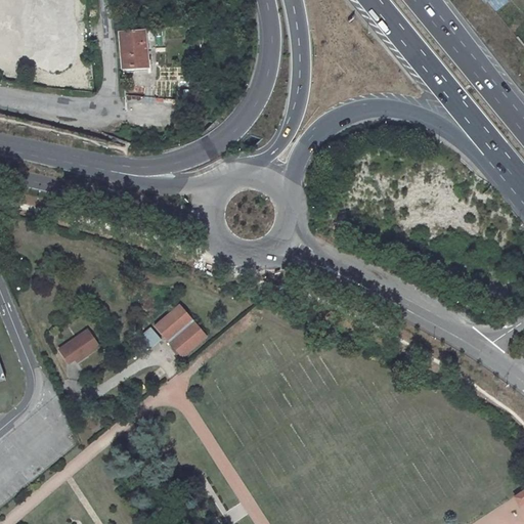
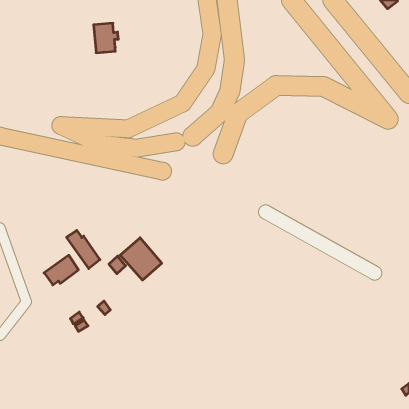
building: none -> [67,230,100,269]

